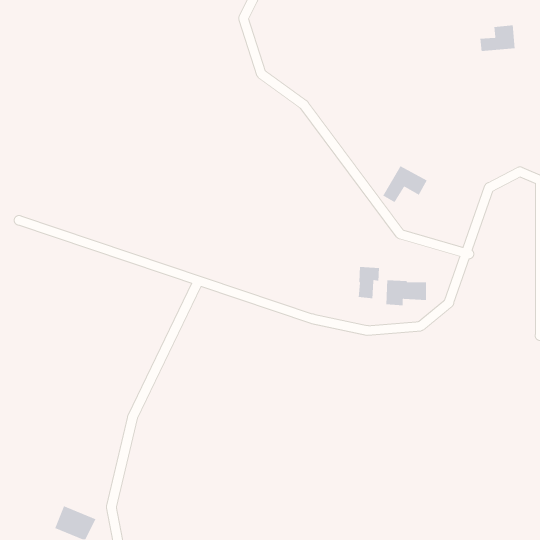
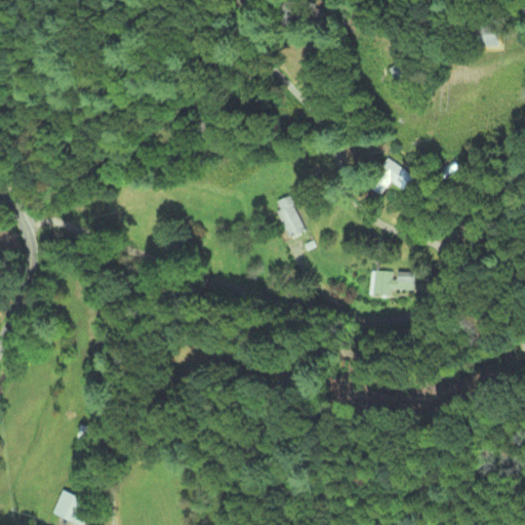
building: none -> [277,204,304,238]
building: [358,266,380,299] -> none

